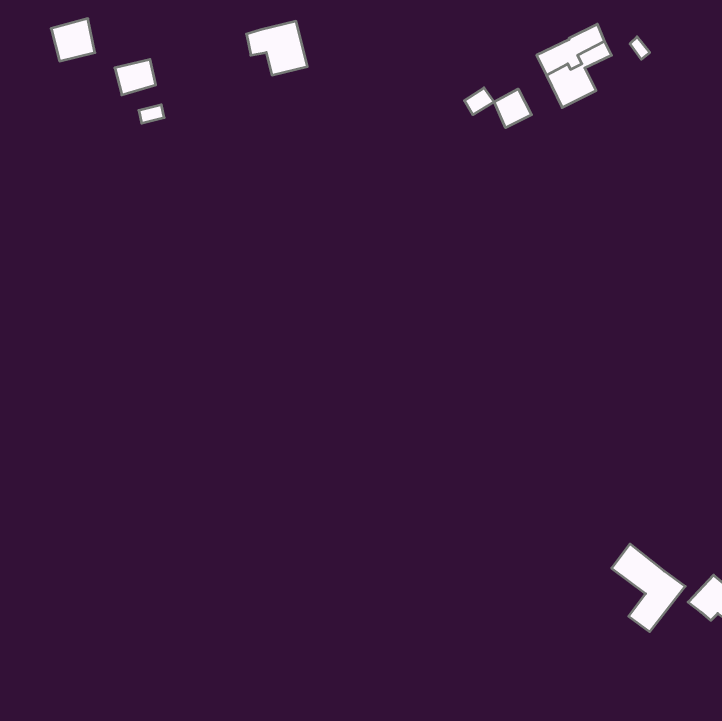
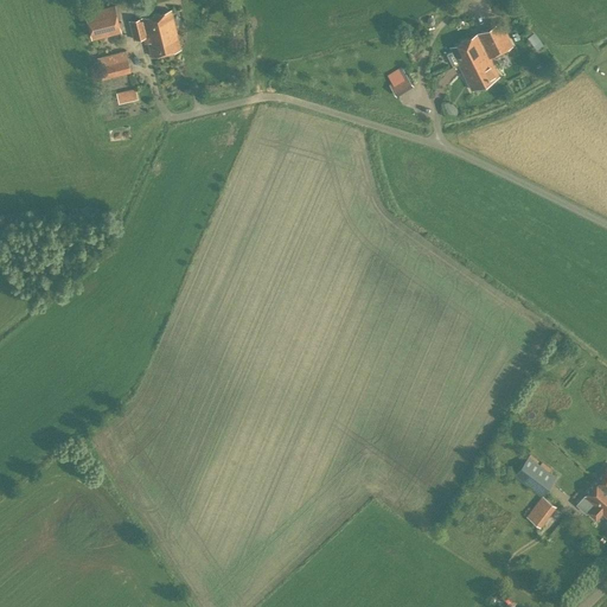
building: [51,19,95,61] -> [85,7,122,43]
building: [246,21,307,75] -> [130,13,181,58]
building: [494,89,532,128] -> none

